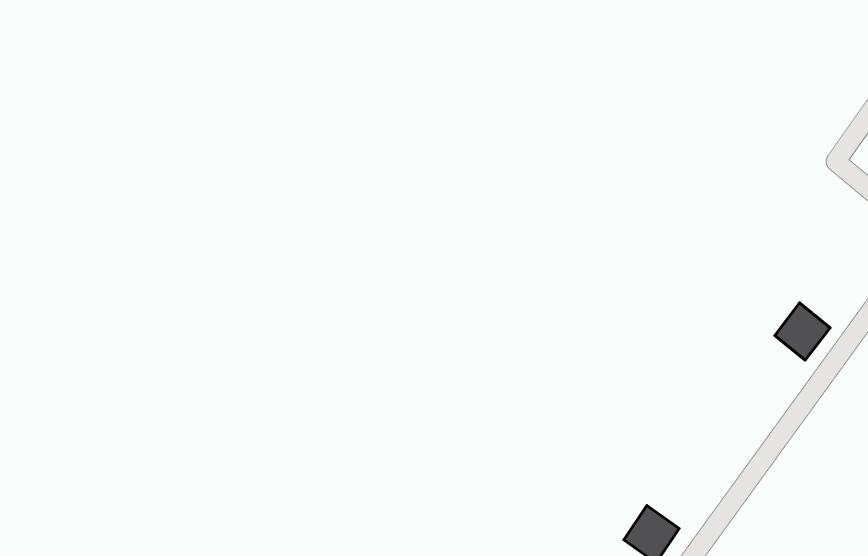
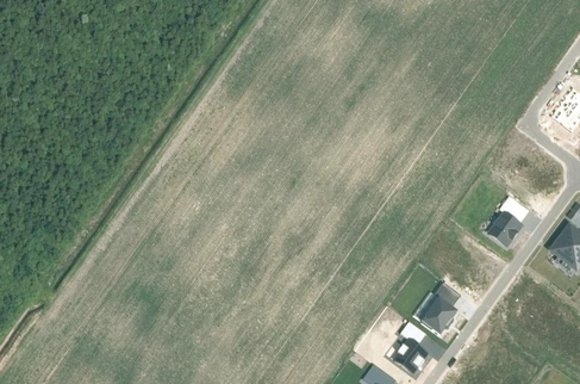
building: none -> [423,295,457,332]

